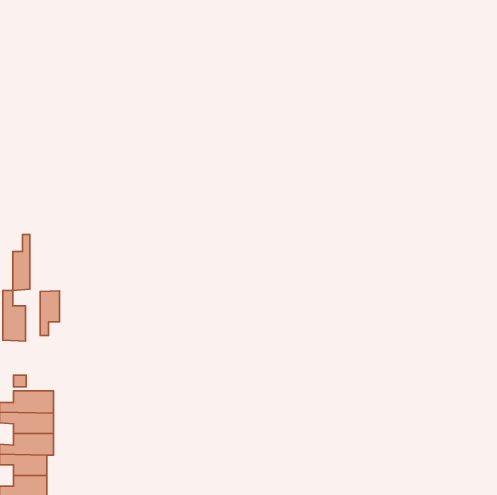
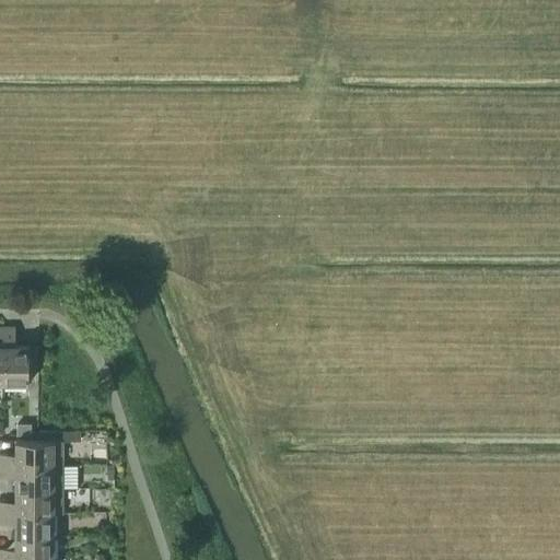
building: [13,234,30,290] -> none
building: [40,291,59,335] -> none

